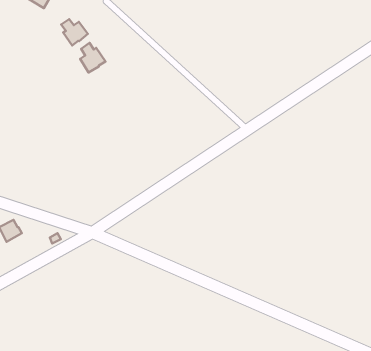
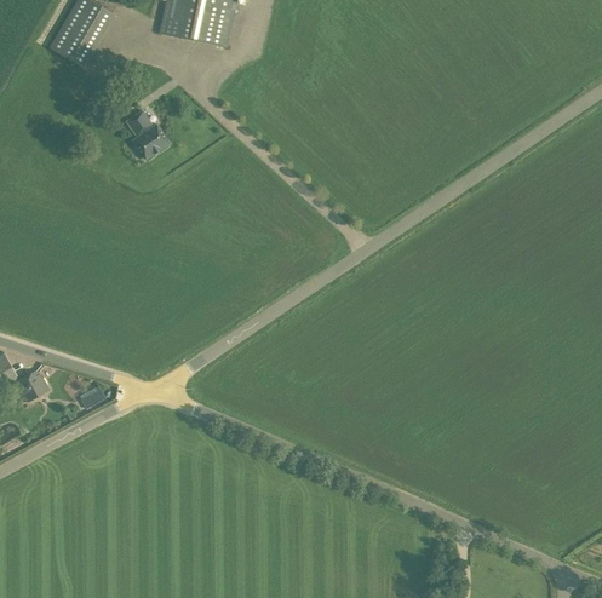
building: [61,19,88,45] -> none

